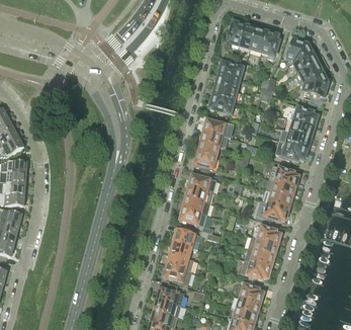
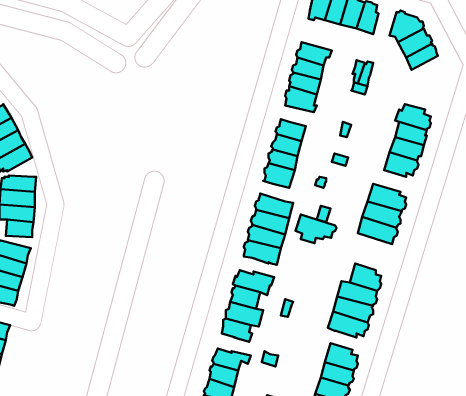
building: [303,72,329,98] -> none
building: [260,202,290,224] -> [295,214,337,243]

